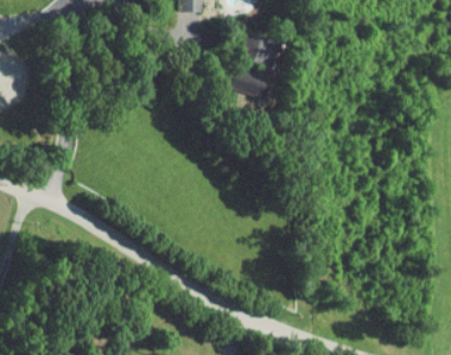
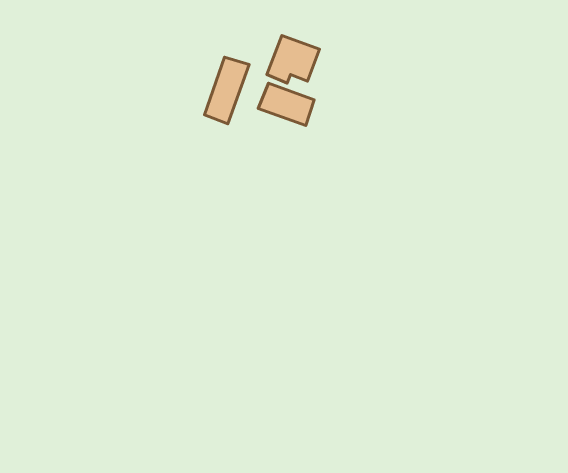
building: none -> [205,57,249,124]

